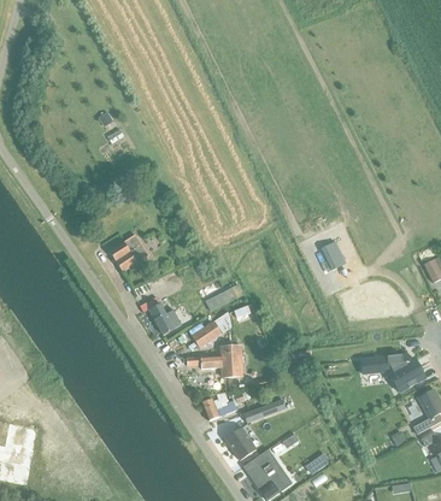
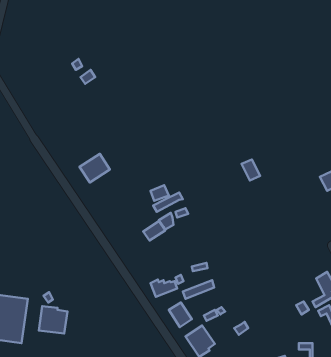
building: [148,302,182,334] -> none
building: [187,346,239,377] -> none
building: [360,353,424,391] -> none
building: none -> [39,306,67,334]

